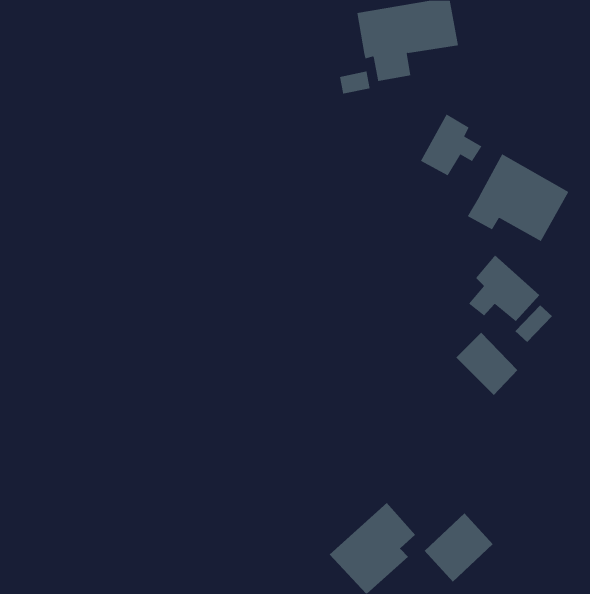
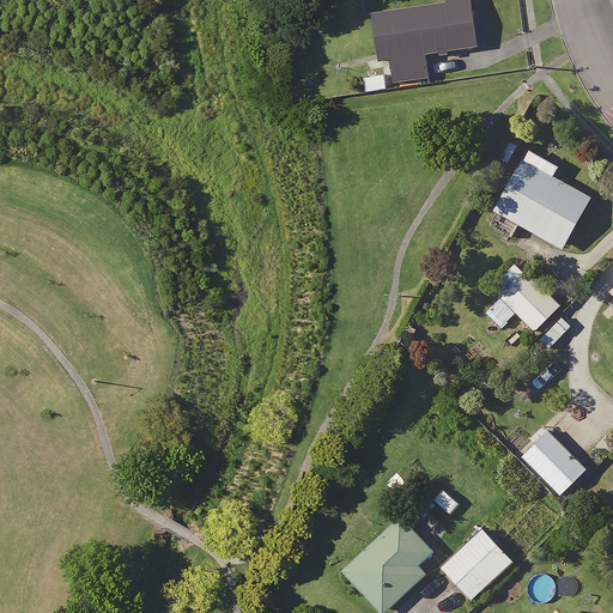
building: [420,114,482,176] -> none
building: [456,332,518,396] -> [521,430,585,496]

